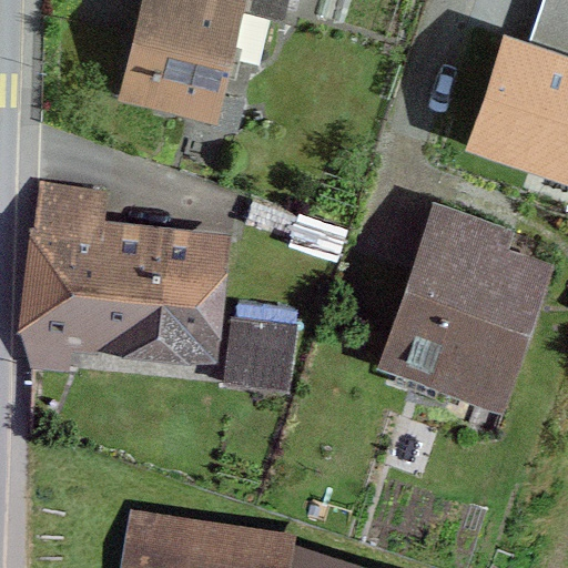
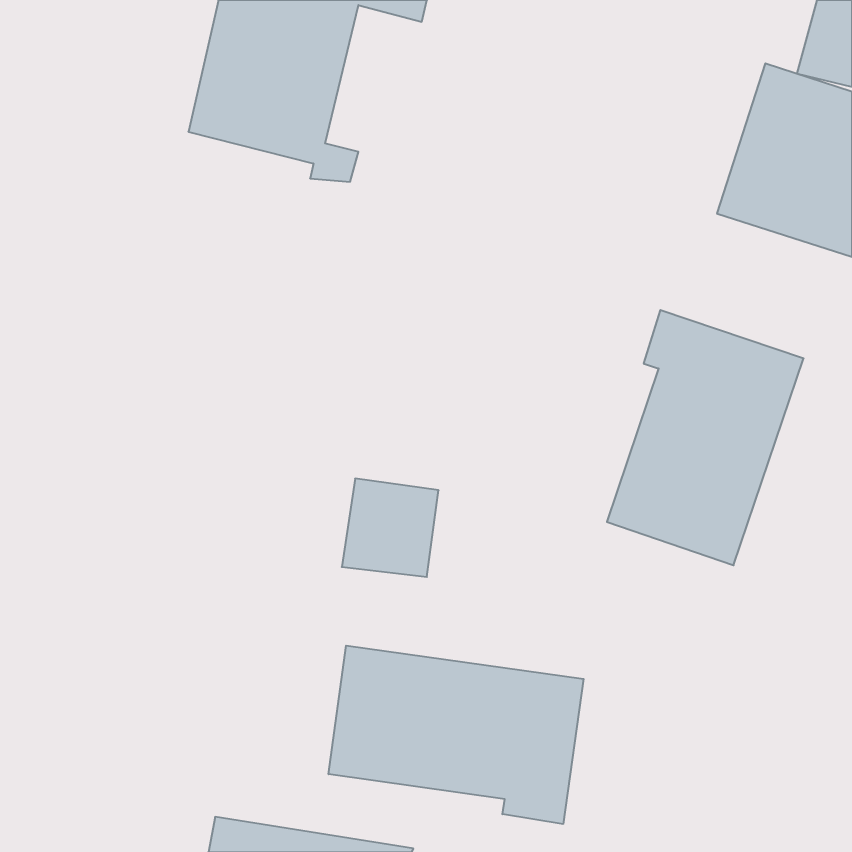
building: [24,185,212,362] -> none
building: none -> [329,646,584,824]

